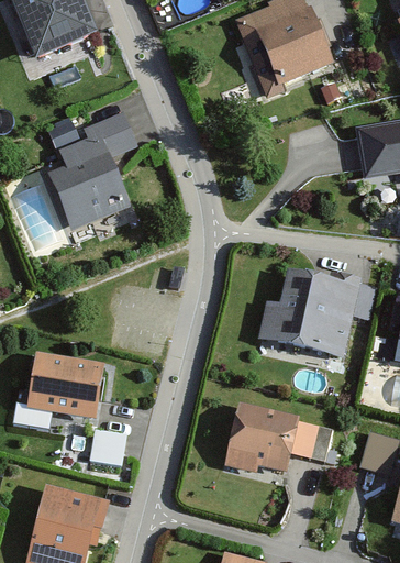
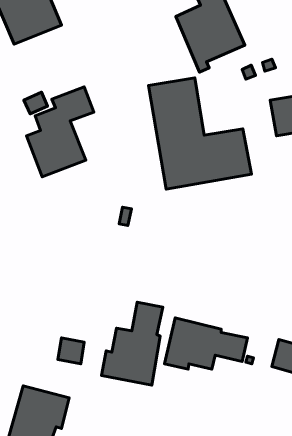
building: none -> [149,78,251,189]
building: [259,273,374,354] -> none
building: [29,355,102,418] -> none
building: none -> [101,302,163,385]

